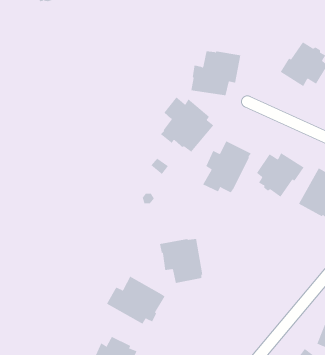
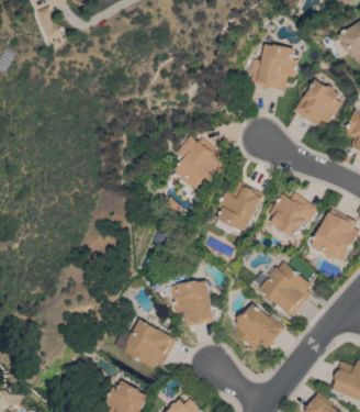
building: [191,51,241,96] -> [247,44,299,90]
building: none -> [259,261,312,315]
building: none -> [232,303,284,349]

